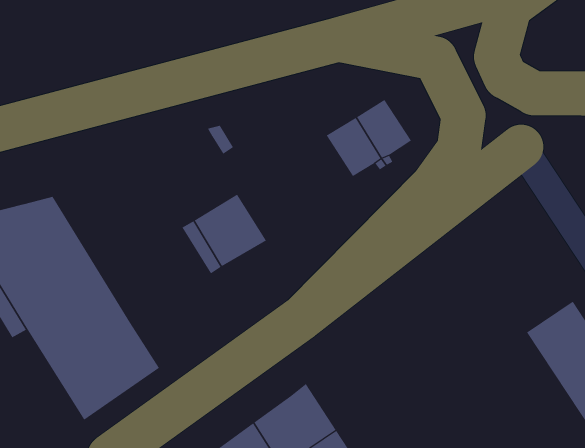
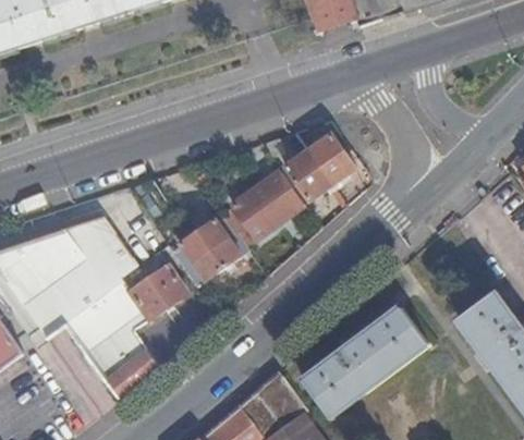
building: none -> [228,170,301,239]
building: none -> [61,217,183,330]
building: none -> [302,307,426,417]

